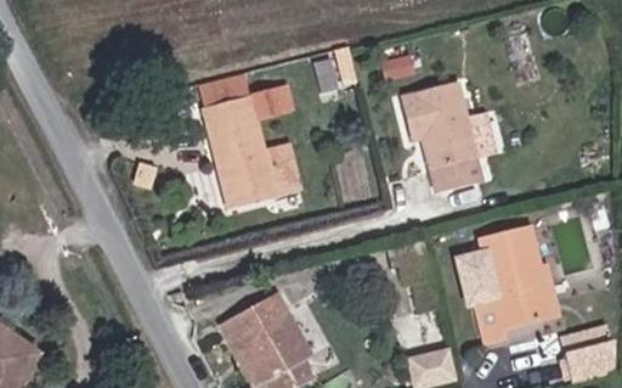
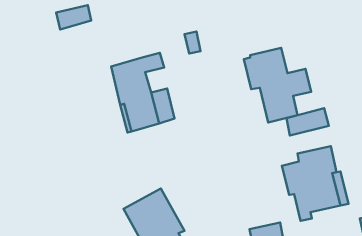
building: [197,73,249,109] -> [56,5,91,30]
building: none -> [287,108,329,136]

